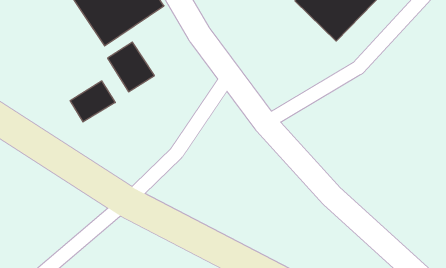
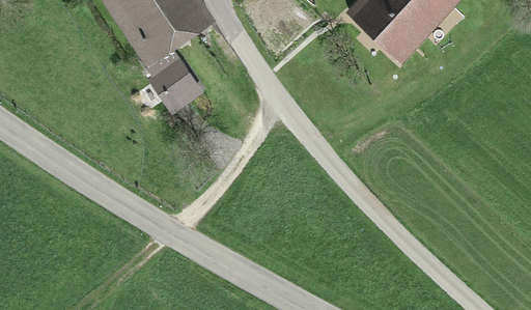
building: [70,81,115,122] -> none

